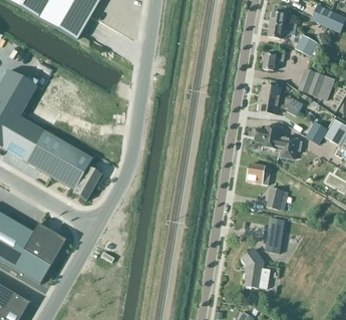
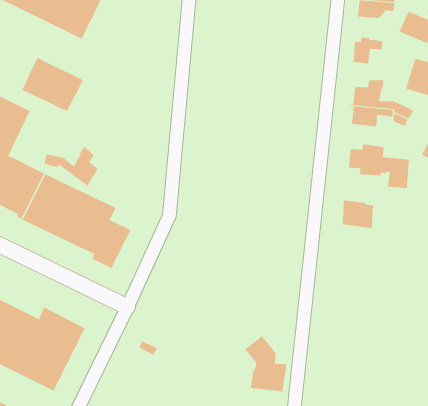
building: none -> [22,57,84,112]
building: none -> [43,146,98,188]
building: [266,186,288,209] -> none
building: [266,217,285,252] -> none
building: [242,248,271,288] -> [244,335,287,392]

